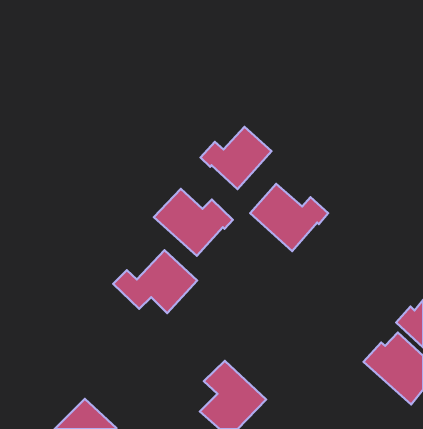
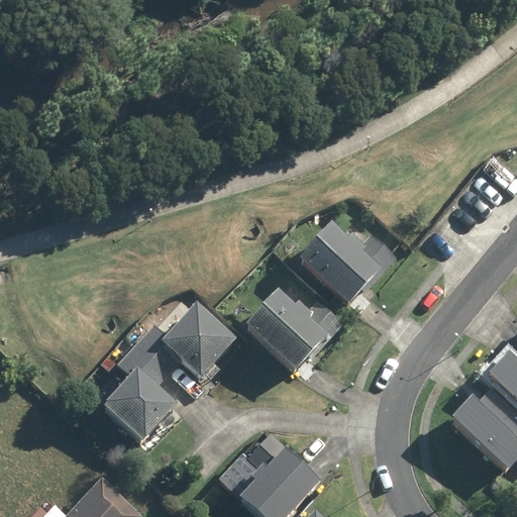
building: [201,127,272,189] -> none
building: [154,189,233,256] -> [245,288,340,369]
building: none -> [103,341,179,440]

